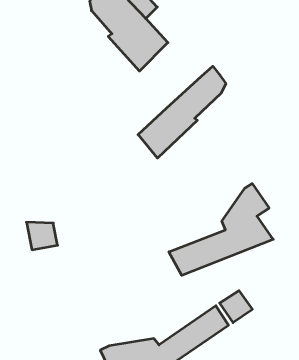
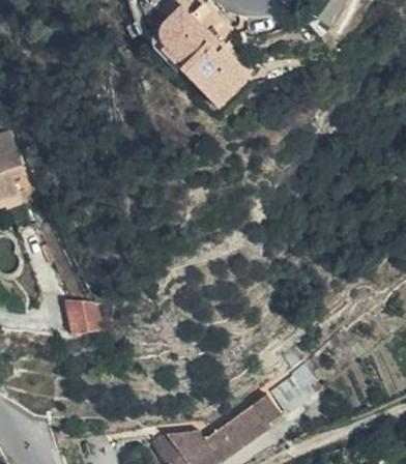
building: [138,66,226,158] -> none
building: [169,184,273,275] -> none

